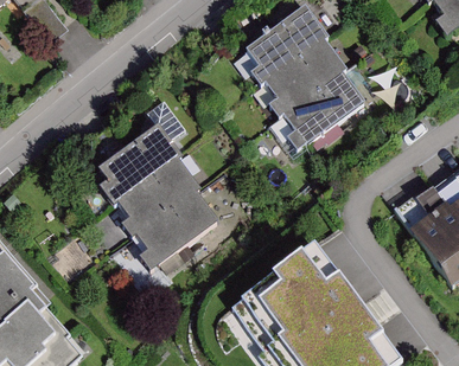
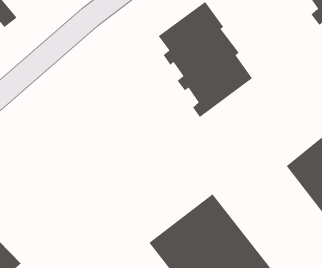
building: [104,123,213,267] -> none

